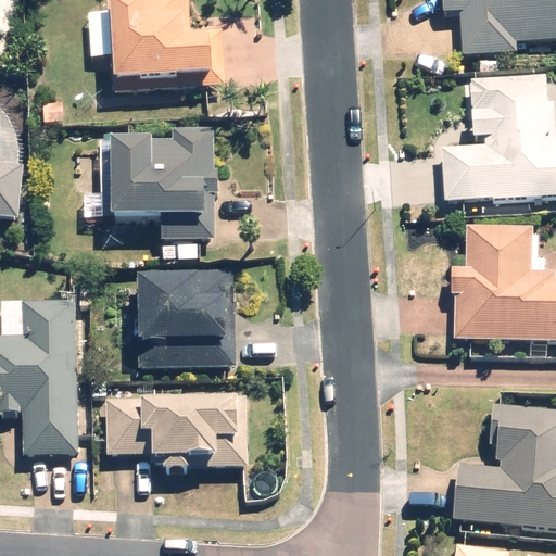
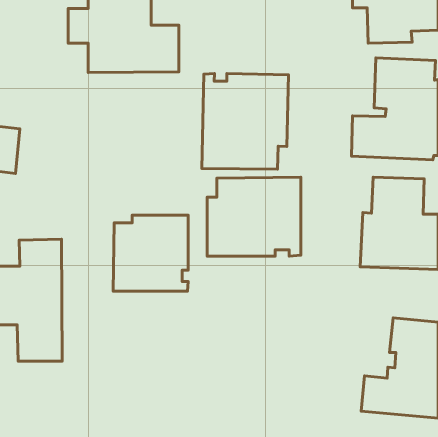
building: none -> [202,73,288,169]
building: [85,127,219,239] -> none
building: none -> [207,177,301,256]
building: [106,399,247,465] -> none

